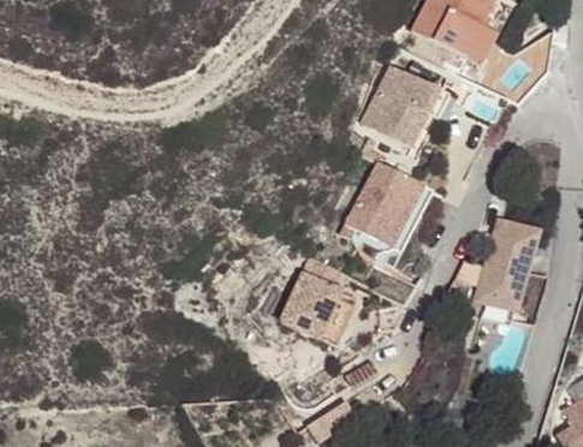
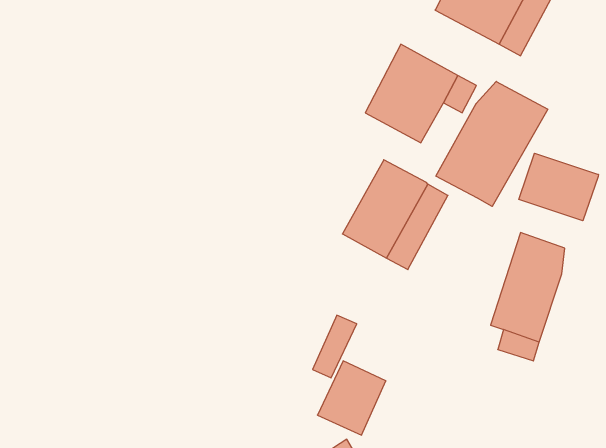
building: none -> [436,81,548,206]
building: none -> [519,153,598,221]
building: [281,274,339,336] -> [317,361,386,435]

